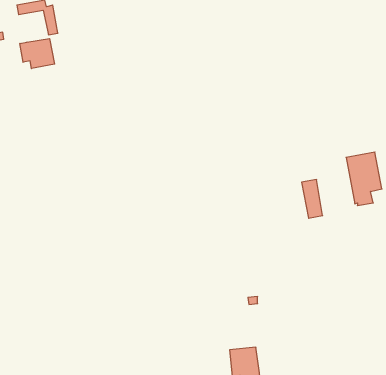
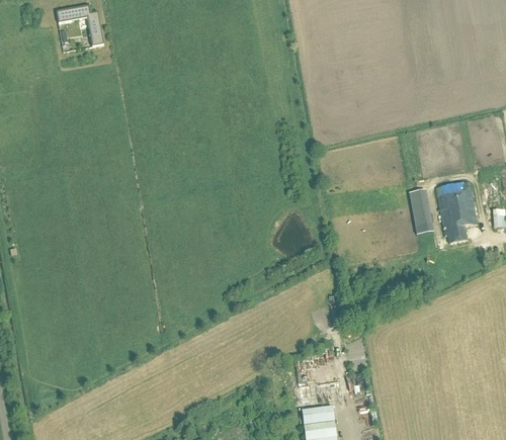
building: [20,39,55,69] -> none
building: [302,180,323,218] -> [408,189,432,234]

